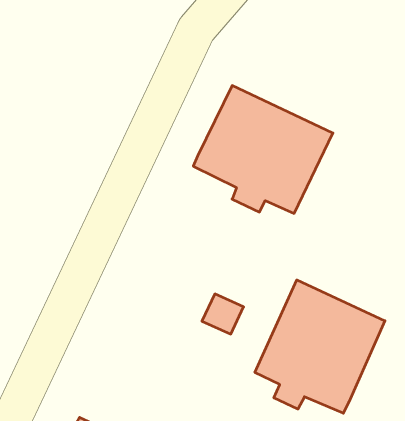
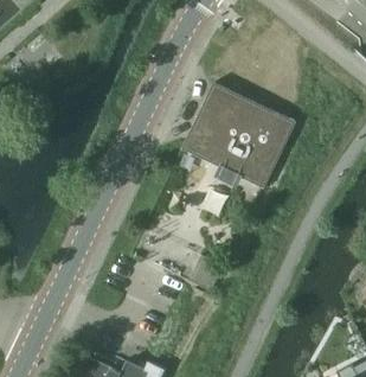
building: [255,280,385,413] -> none

